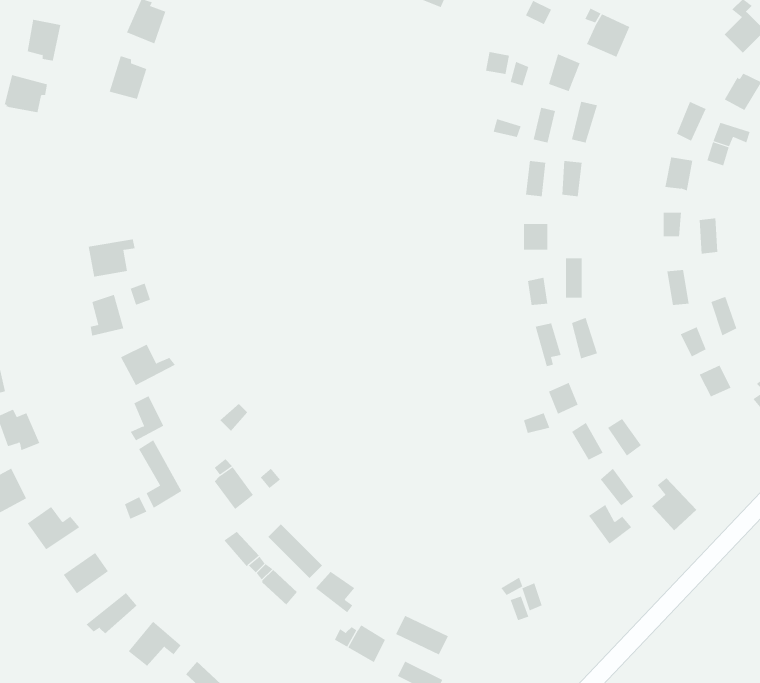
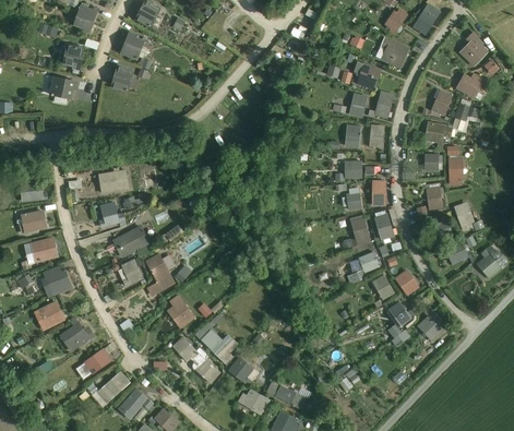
building: [138,440,182,508] -> [145,255,170,295]

